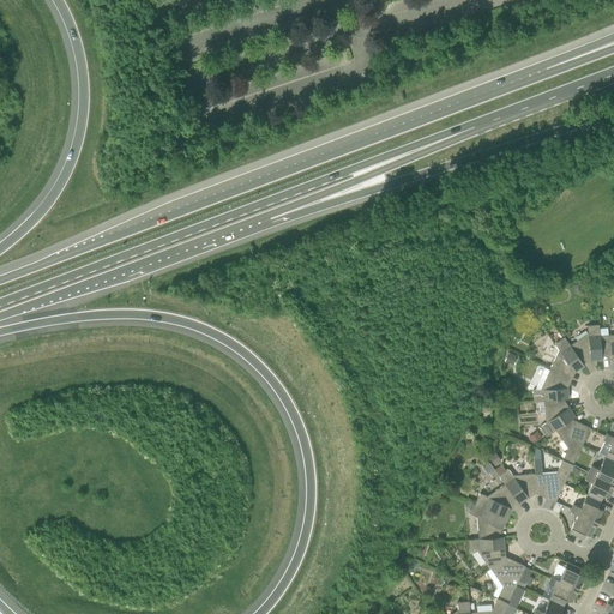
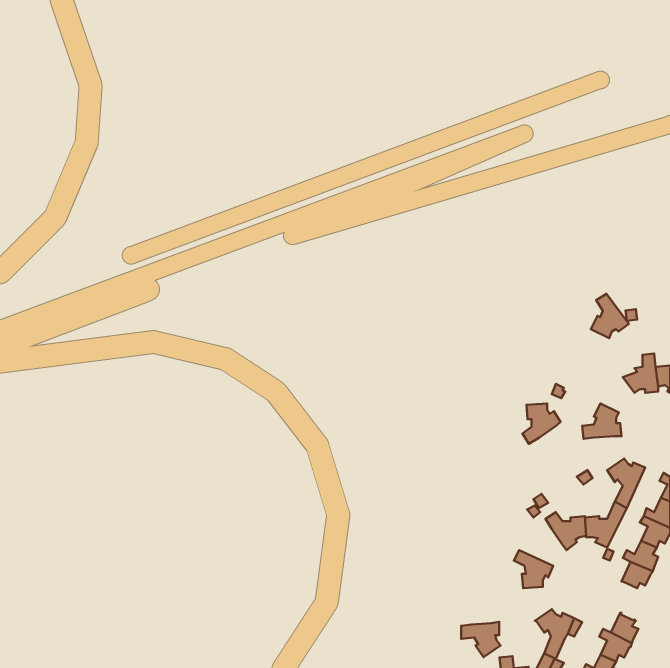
building: [549,338,584,379] -> [591,294,629,338]
building: [540,401,574,438] -> [522,403,560,444]
building: [475,486,514,519] -> none
building: [469,537,505,570] -> [461,622,500,657]

